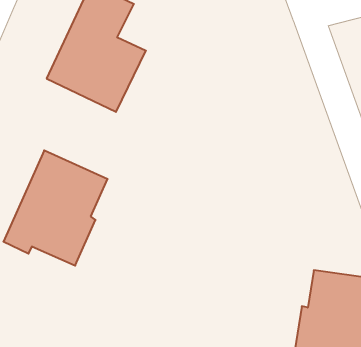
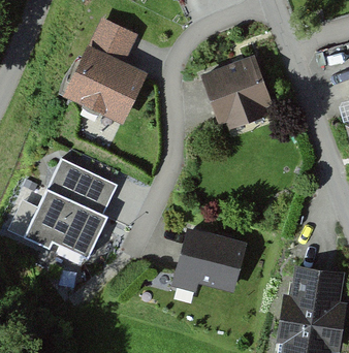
building: none -> [200,55,273,128]
building: none -> [170,227,246,292]

